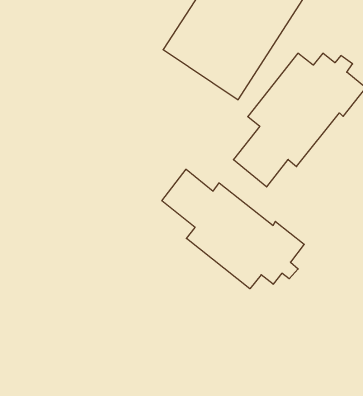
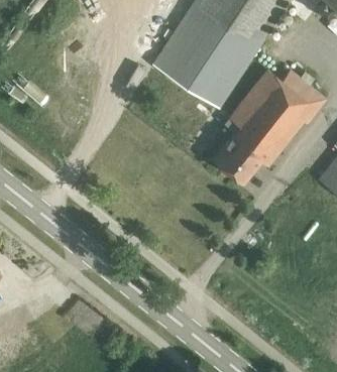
building: [162,169,304,289] -> none

